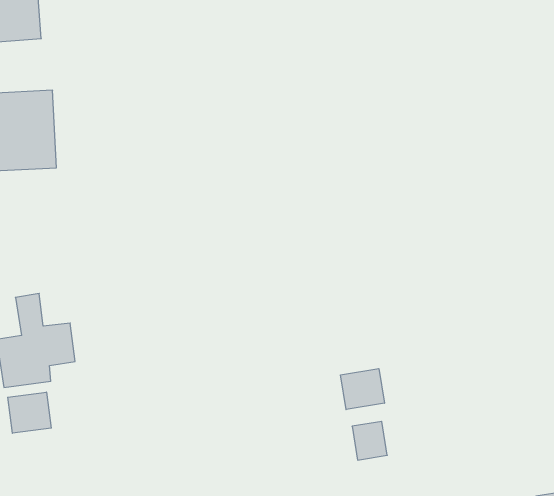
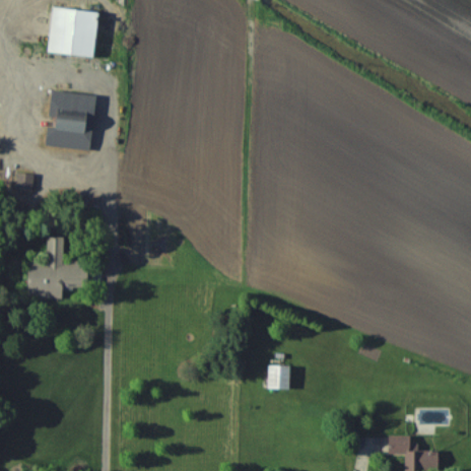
building: [341,369,384,410] -> none
building: [8,392,51,433] -> none

